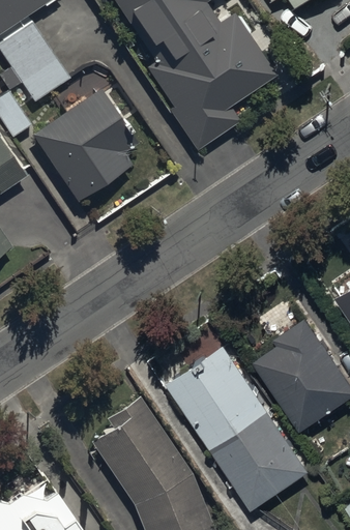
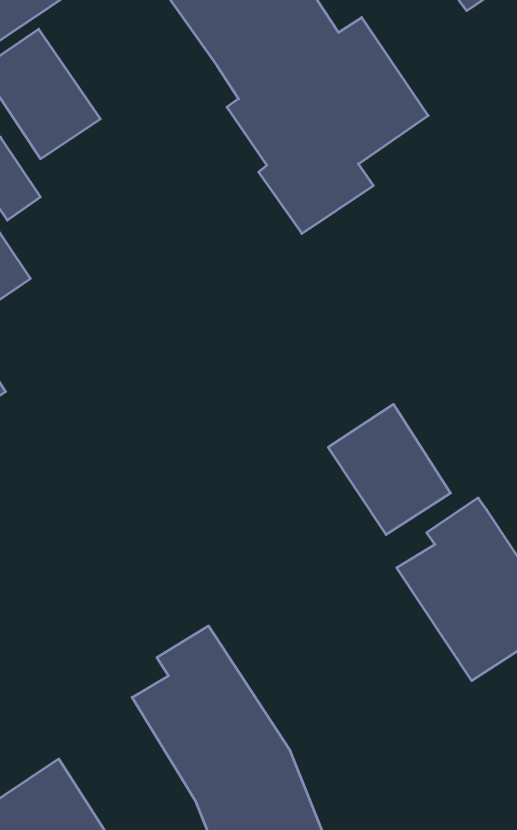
building: [31,91,145,204] -> none
building: none -> [328,404,451,535]
building: [167,343,309,508] -> none

